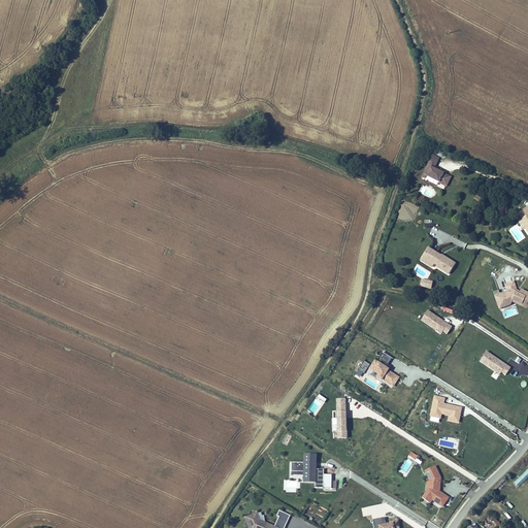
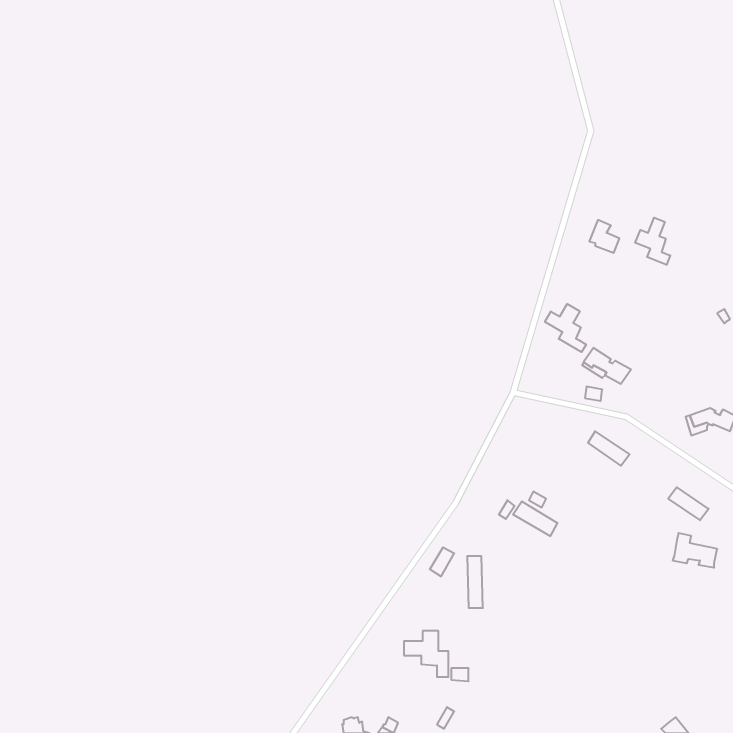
building: none -> [635,218,670,265]
building: none -> [545,304,586,352]
building: [431,395,463,420] -> [673,533,717,568]
building: [423,464,450,505] -> none

